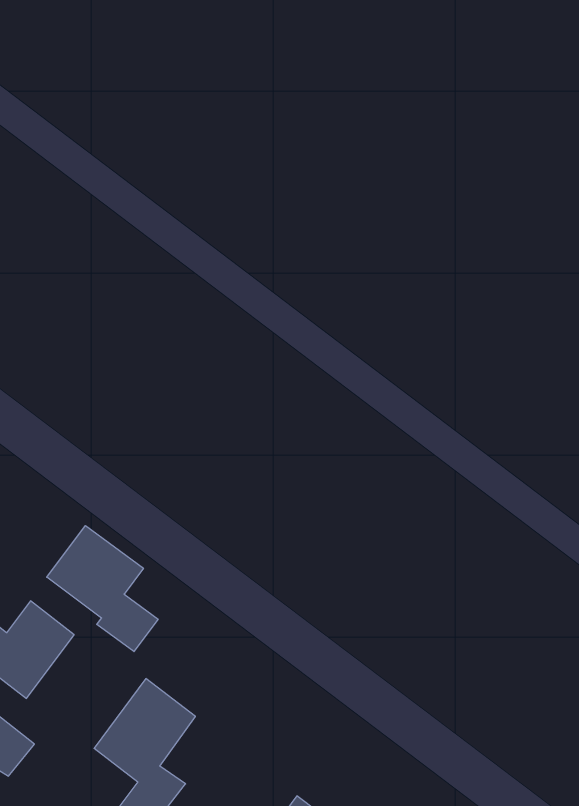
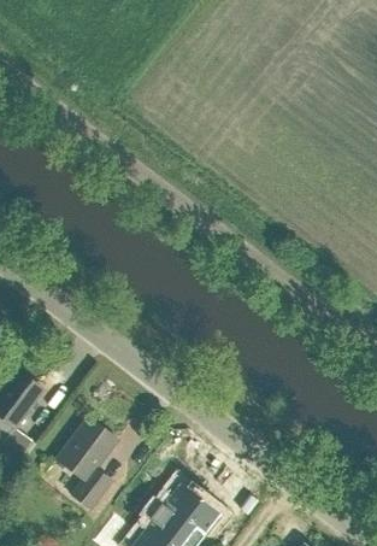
building: [47,526,158,652] -> none

